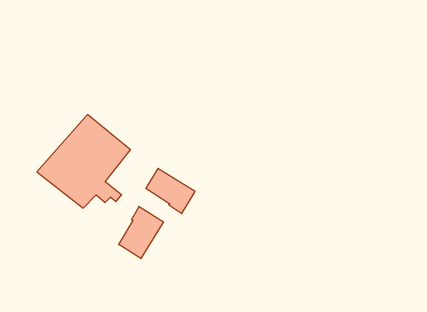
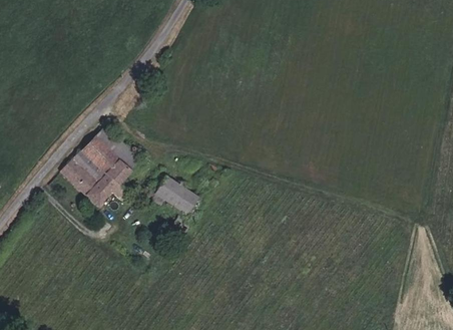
building: [119,206,164,259] -> none

